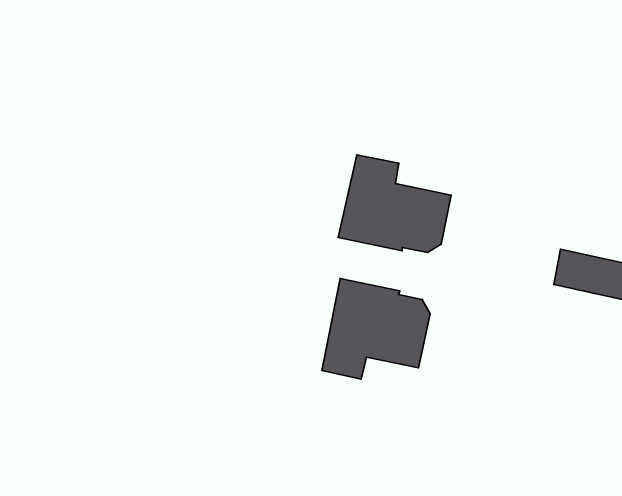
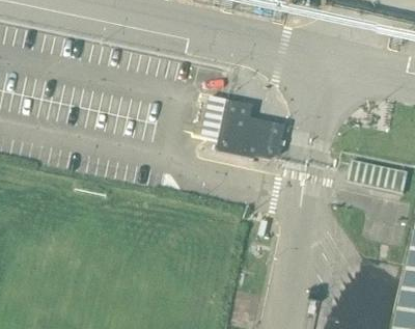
building: [322,278,430,379] -> none

